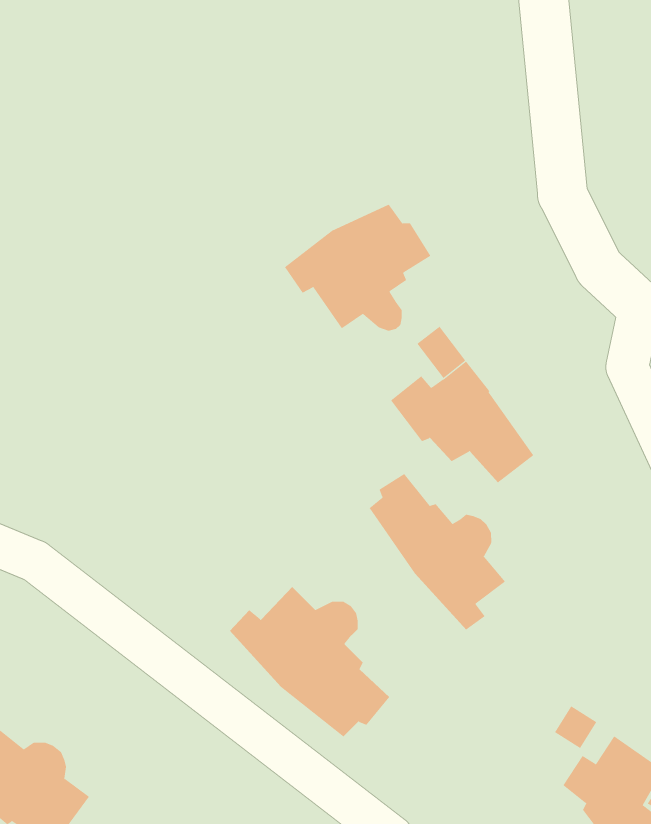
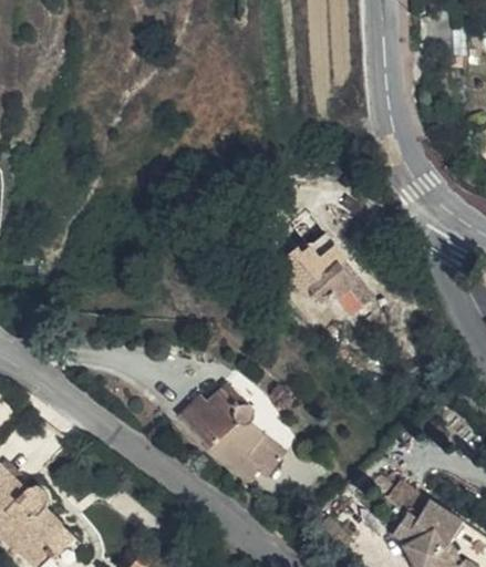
building: [284,204,431,332] -> none
building: [369,473,506,631] -> none

